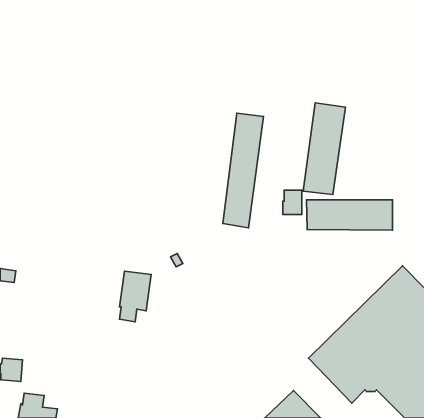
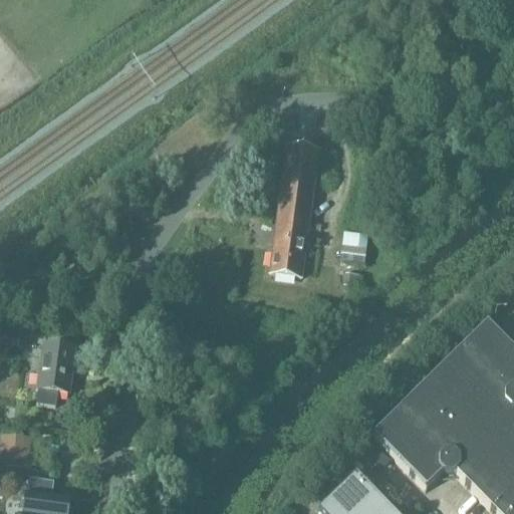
building: [303,103,345,194] -> none
building: [306,200,393,230] -> none
building: [119,271,151,322] -> [37,341,75,403]

